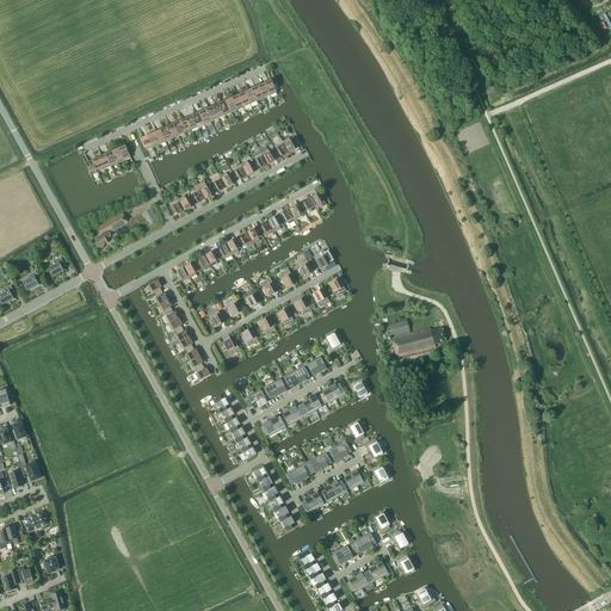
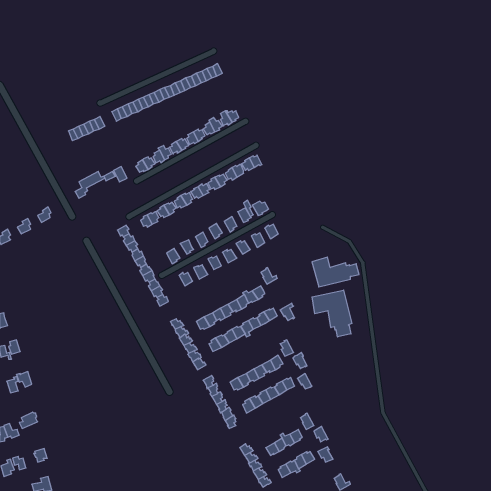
building: none -> [312,290,352,337]

